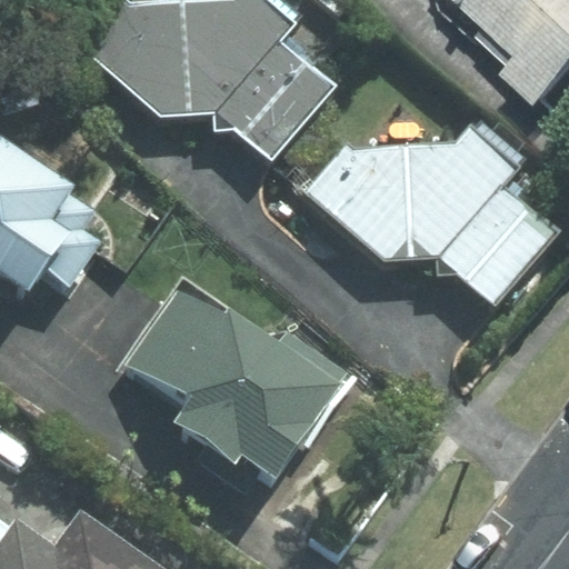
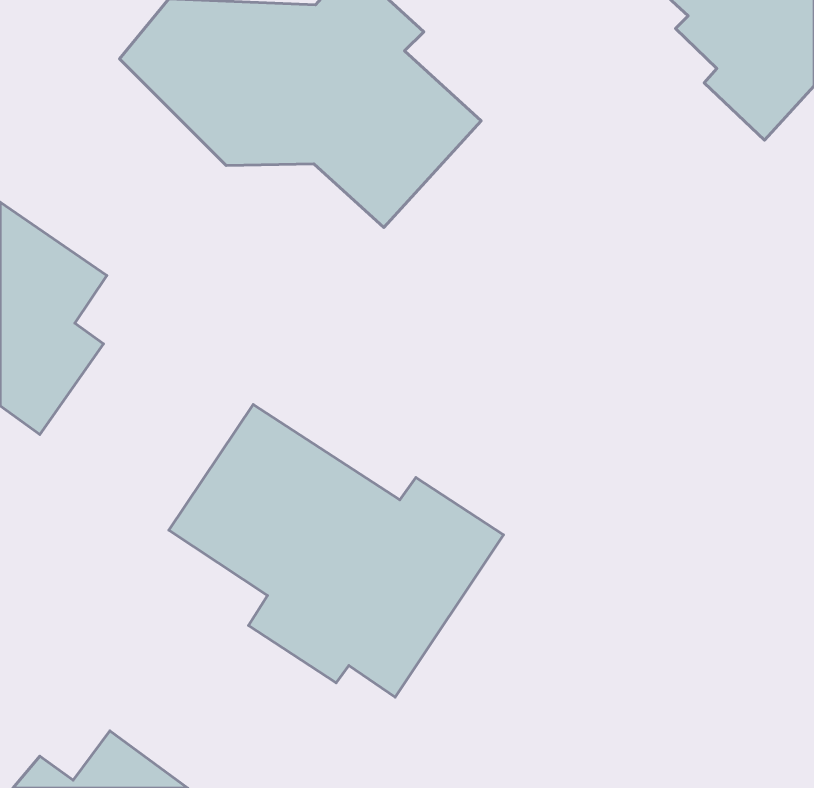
building: [308,123,560,309] -> none

